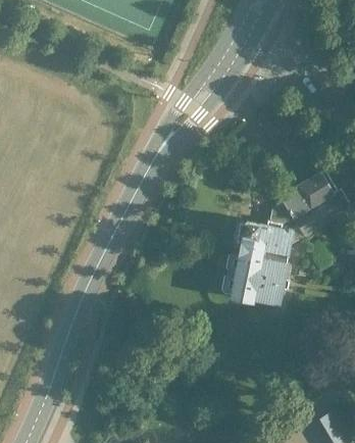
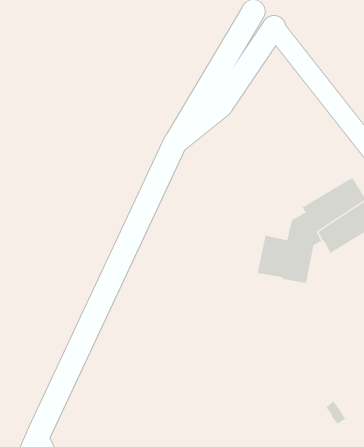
building: [222,254,288,304] -> none

